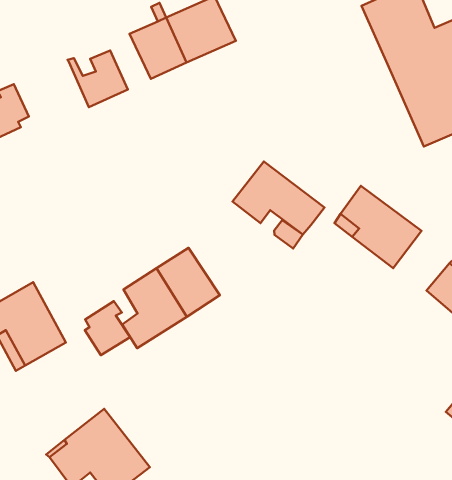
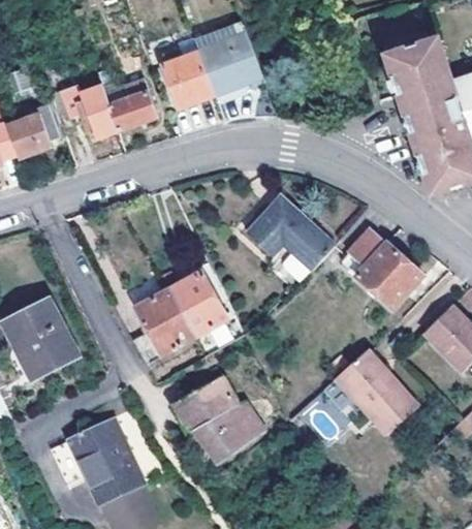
building: none -> [54,85,119,136]
building: [85,301,130,355] -> none
building: none -> [336,347,417,433]
building: none -> [171,374,266,463]

